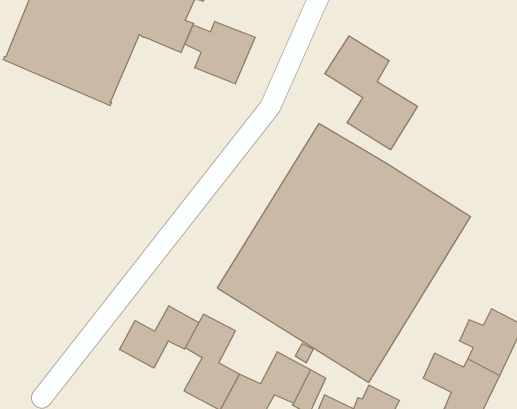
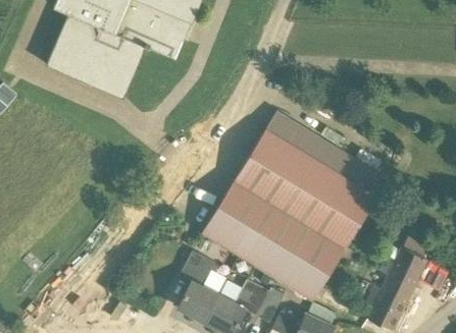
building: [185,21,255,84] -> none
building: [325,36,417,150] -> none
building: [119,306,199,368] -> none

